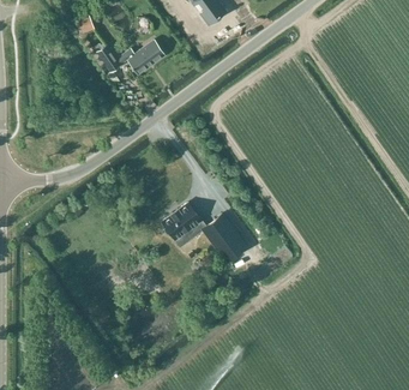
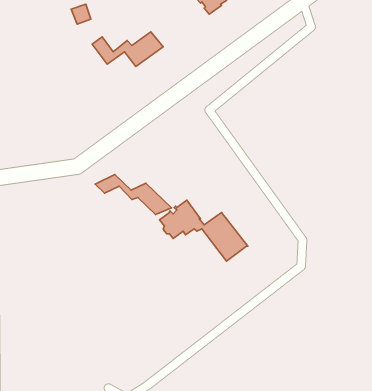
building: none -> [95,175,171,215]

